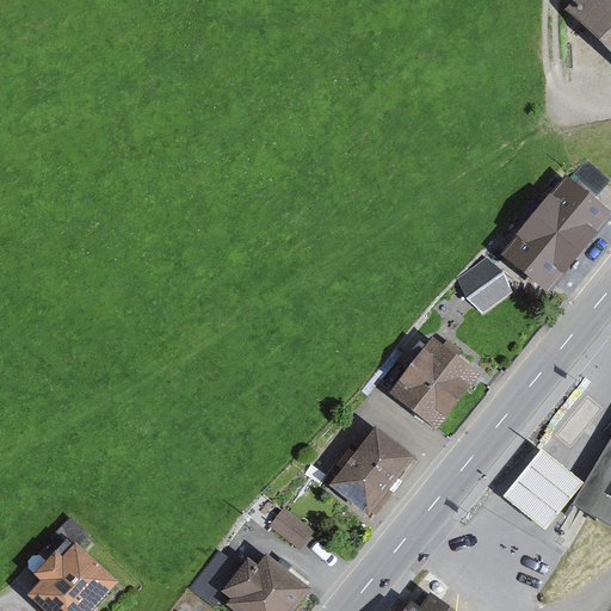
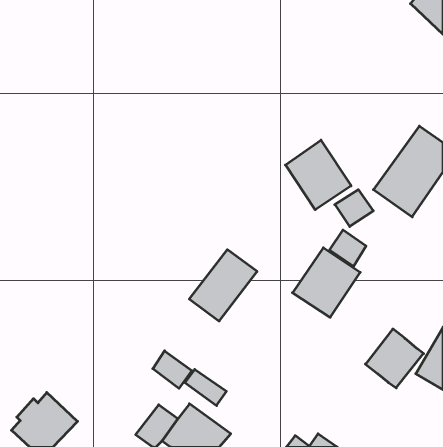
building: none -> [285,140,351,210]
building: none -> [330,230,366,266]
building: [328,425,420,521] -> [189,250,257,321]
building: none -> [153,351,192,388]

